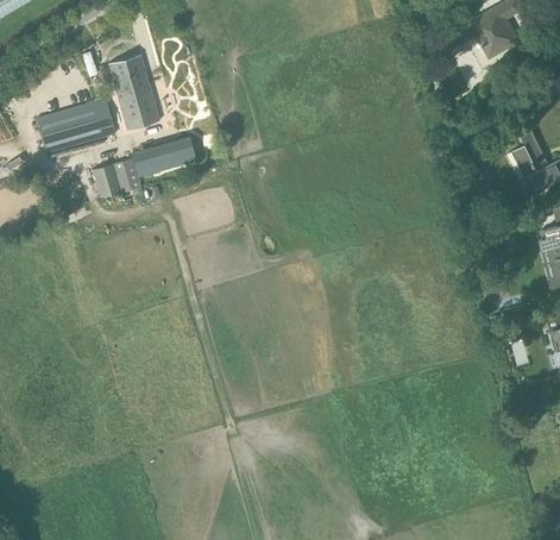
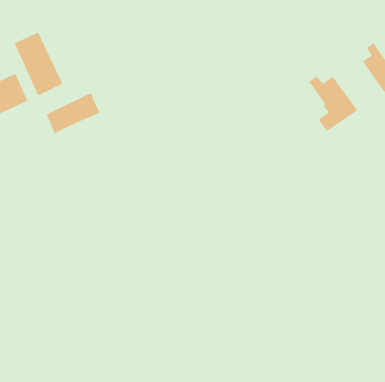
building: [93,157,155,197] -> none
building: none -> [308,76,358,132]

